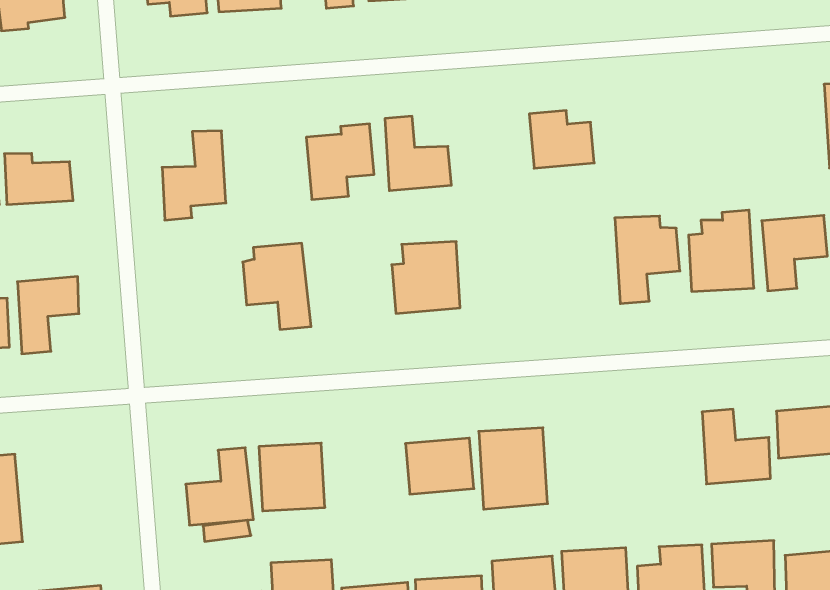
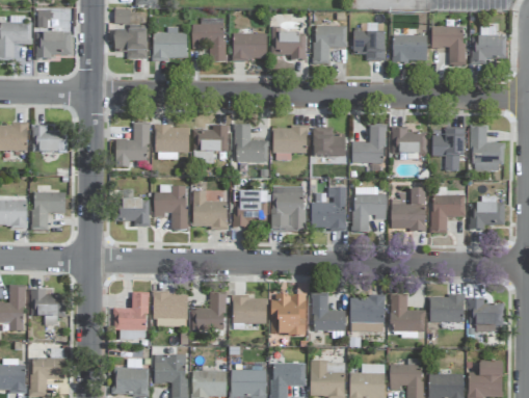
building: none -> [431,126,465,169]
building: none -> [351,124,385,162]
building: none -> [392,126,427,154]
building: none -> [273,126,308,160]
building: none -> [155,126,189,159]
building: none -> [311,186,346,230]
building: none -> [271,186,305,232]
building: none -> [192,190,227,228]
building: none -> [115,198,150,227]
building: none -> [350,295,385,330]
building: none -> [312,292,345,330]
building: none -> [191,293,224,328]
building: none -> [30,289,64,324]

